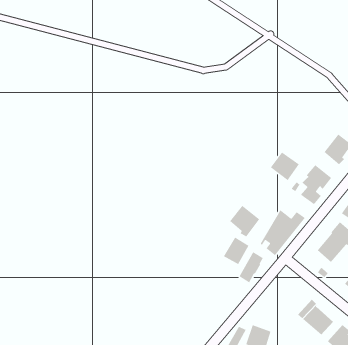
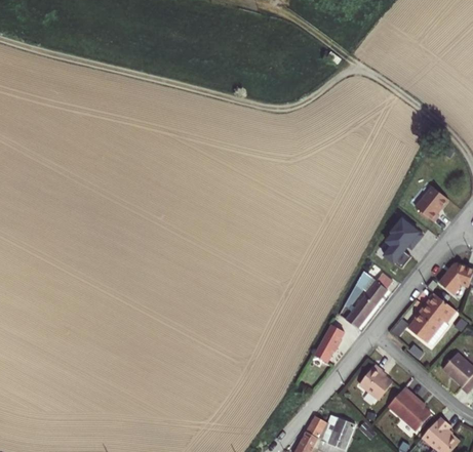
building: [270,152,300,181] -> none
building: [229,205,260,237] -> none
building: [223,236,250,265] -> none
building: none -> [355,361,389,397]

